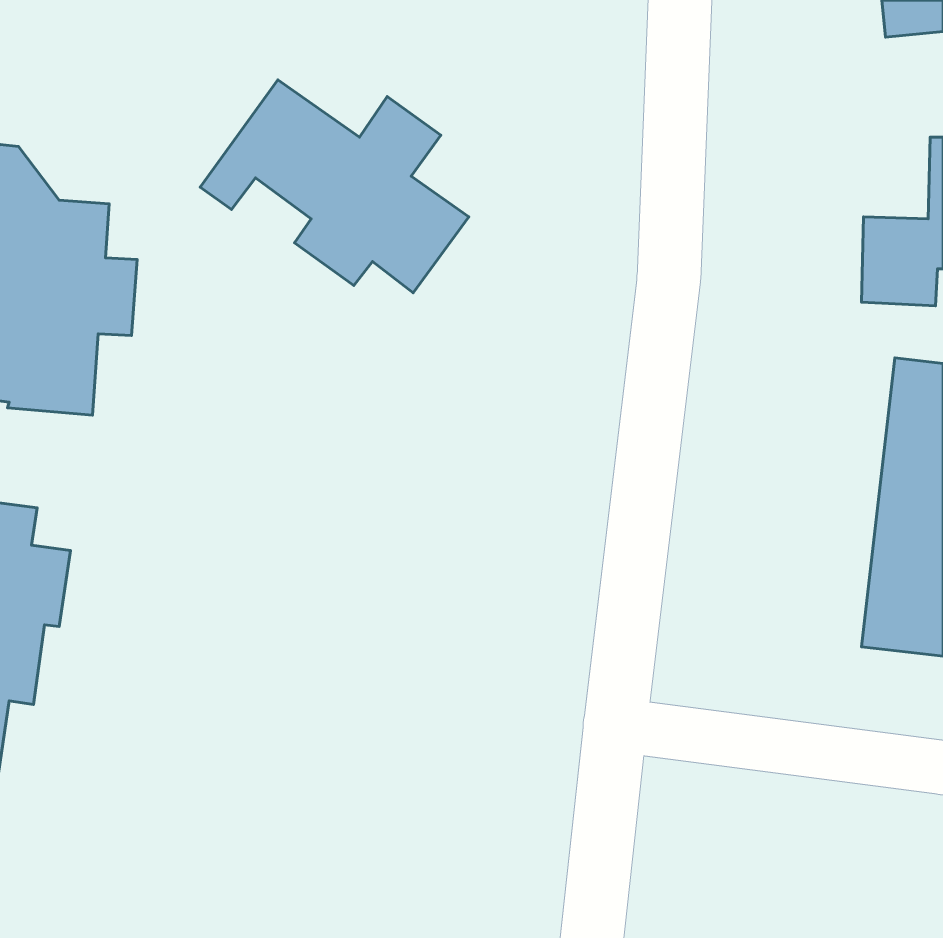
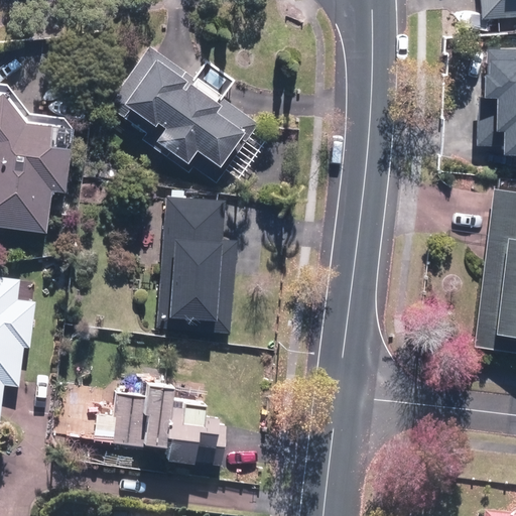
building: none -> [159,197,238,332]
building: none -> [85,380,226,463]

